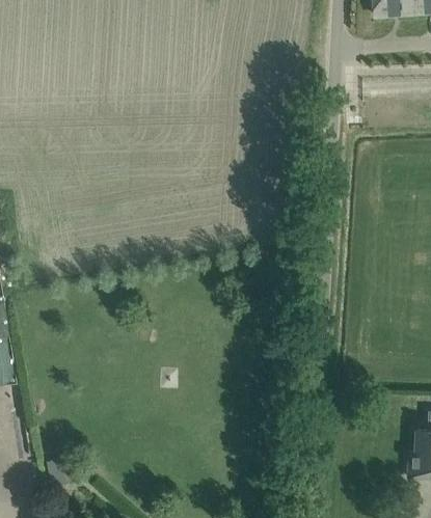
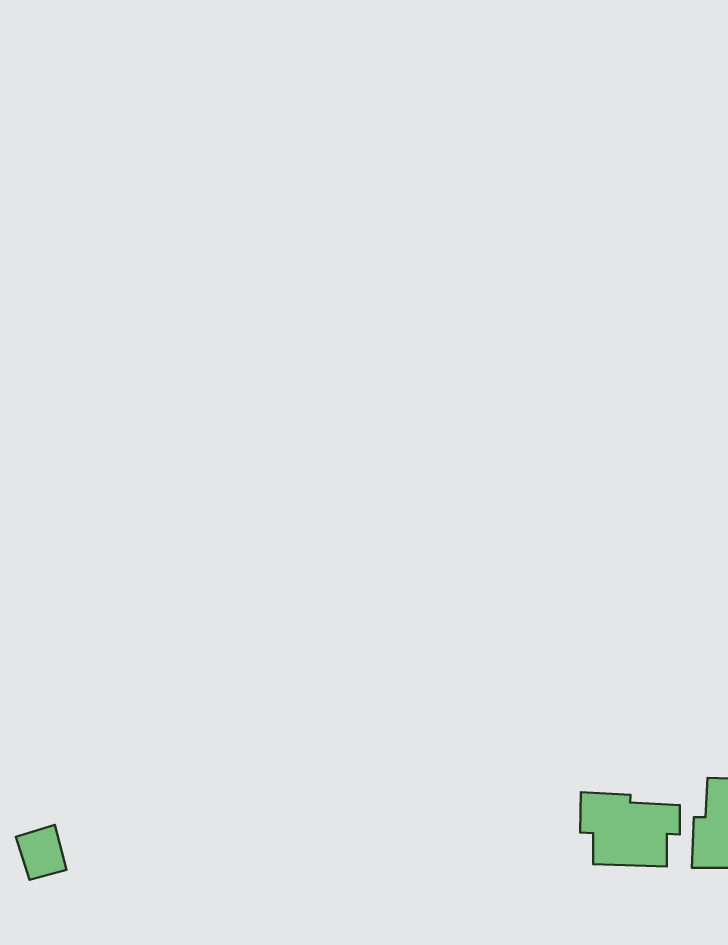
building: none -> [580,792,680,866]

